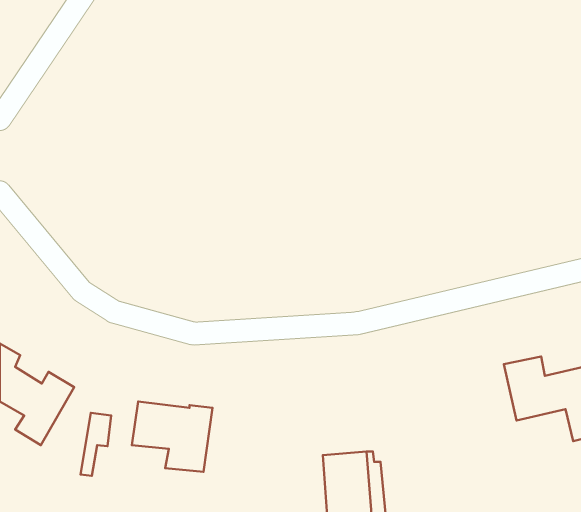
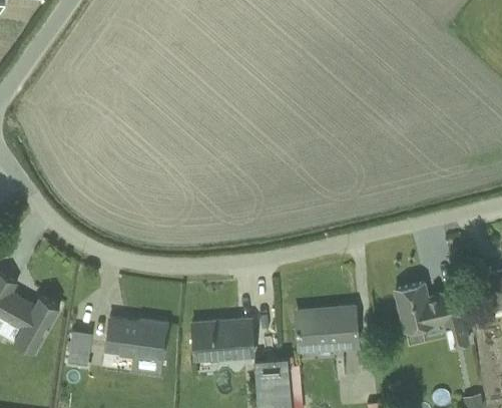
building: none -> [295,307,359,354]
building: none -> [192,320,254,363]

